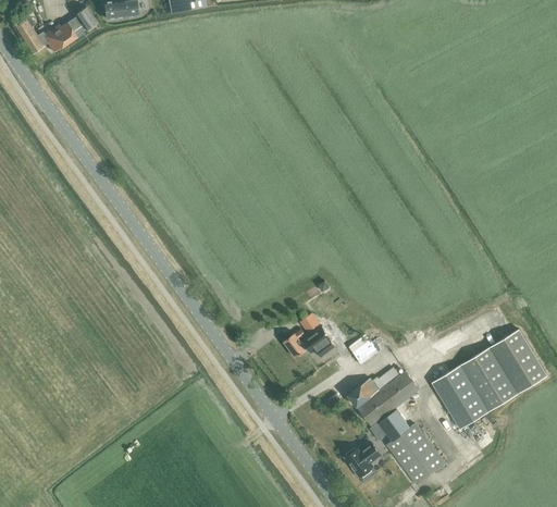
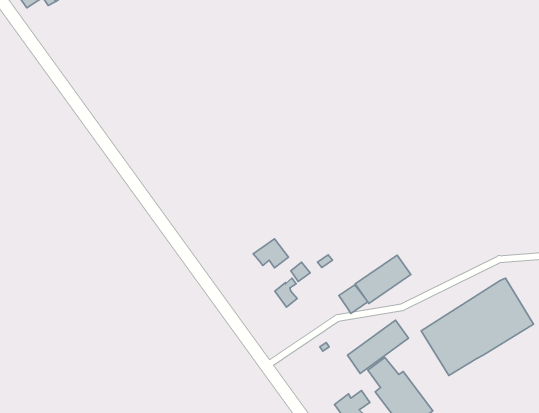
building: none -> [355,255,411,303]
building: [299,327,335,357] -> [253,239,288,268]
building: [347,379,380,408] -> none

